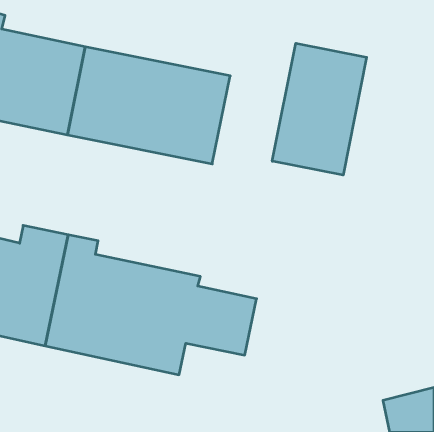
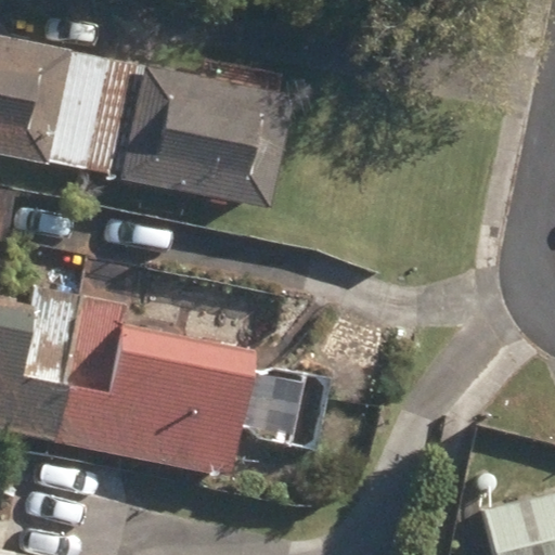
building: [272,43,367,175] -> none

